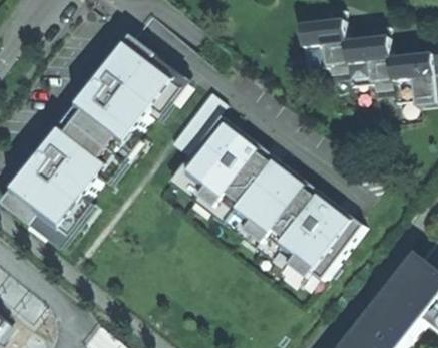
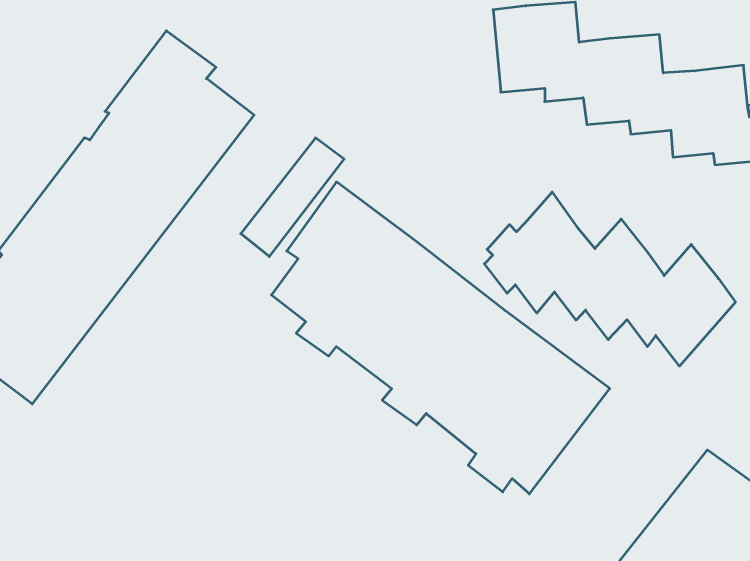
building: none -> [484,192,735,366]

